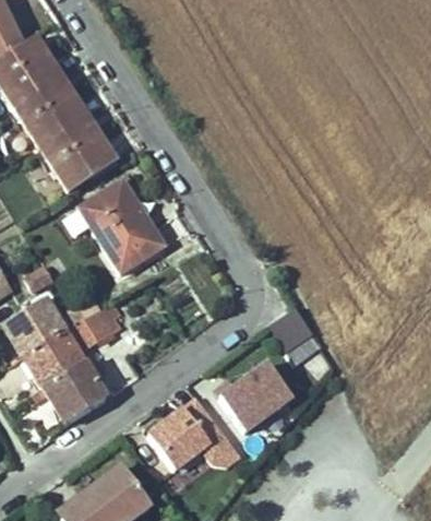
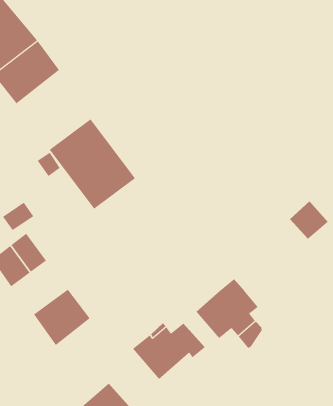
building: [45,121,121,192] -> none
building: [76,300,120,345] -> none
building: [270,305,312,347] -> [289,200,328,240]
building: [23,328,85,386] -> none

